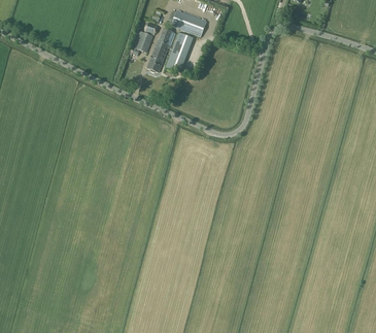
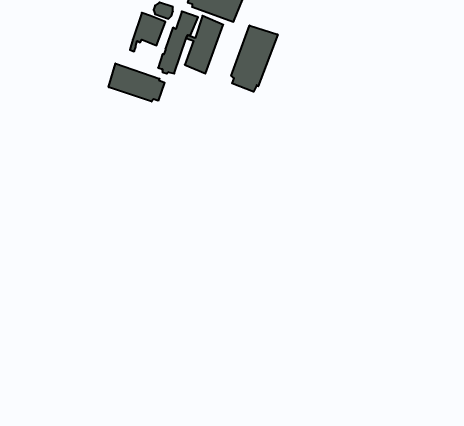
building: none -> [231,25,278,92]
building: none -> [109,63,165,102]

